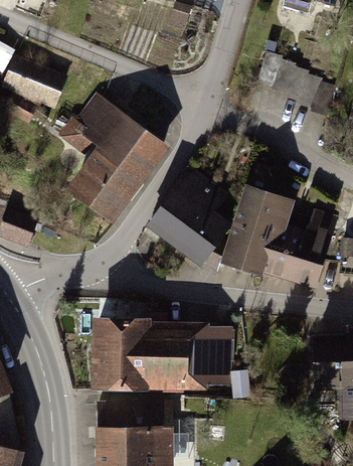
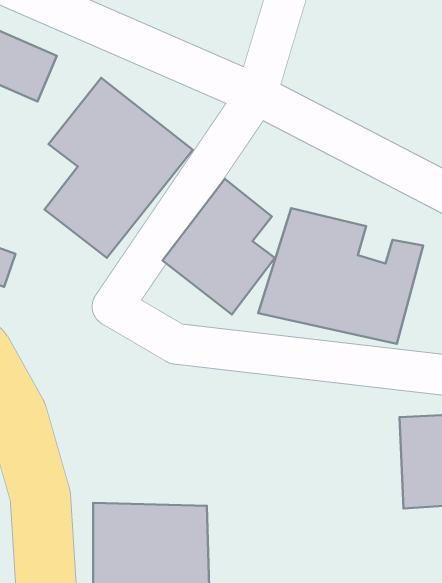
building: [260,51,336,115] -> none
building: [91,318,238,390] -> none

